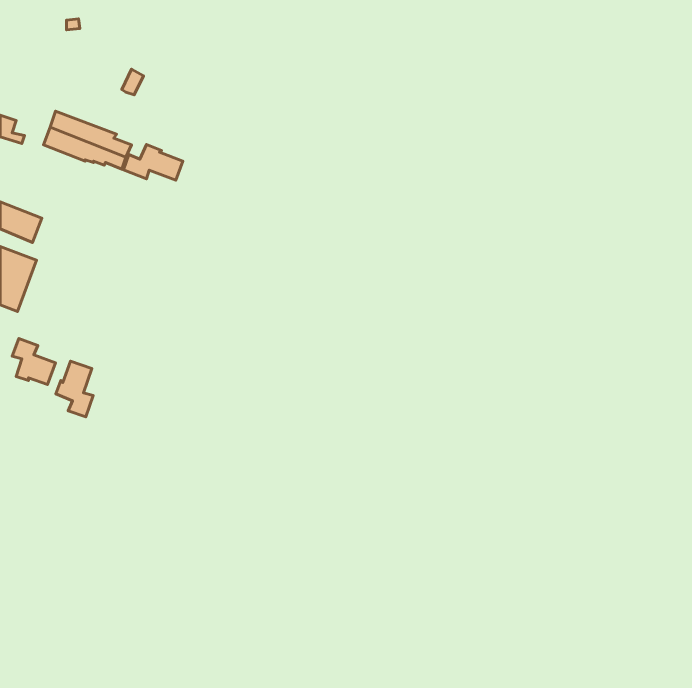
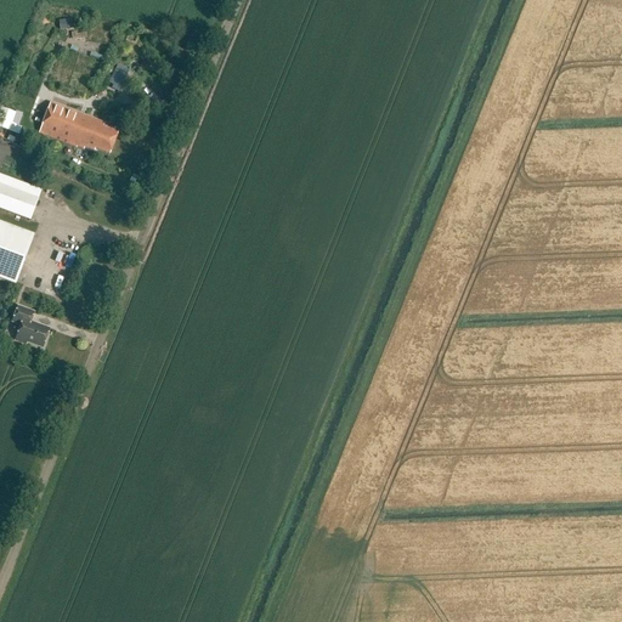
building: [123,145,183,180] -> none
building: [56,361,93,417] -> none

